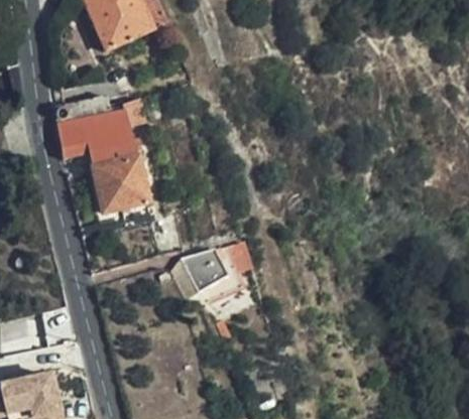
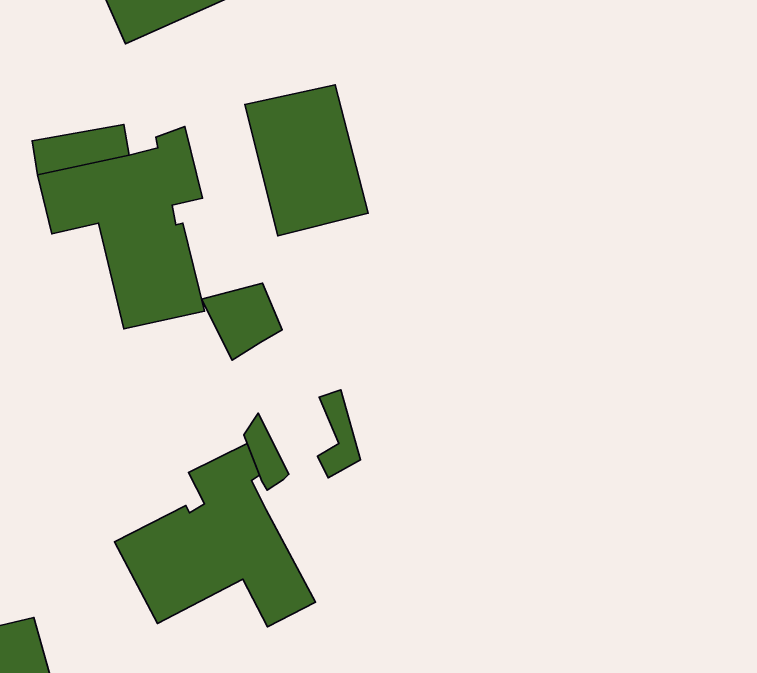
building: none -> [245,85,368,236]
building: [179,250,224,293] -> [202,283,282,360]
building: none -> [114,443,315,627]

